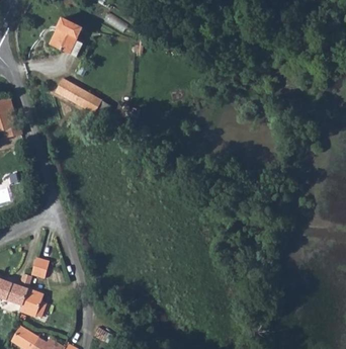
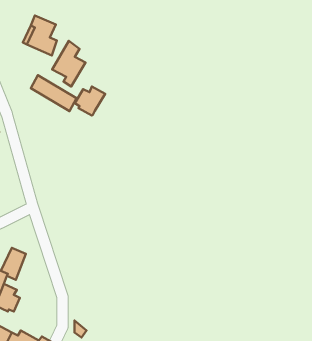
building: none -> [52,41,85,86]
building: none -> [75,87,105,116]

